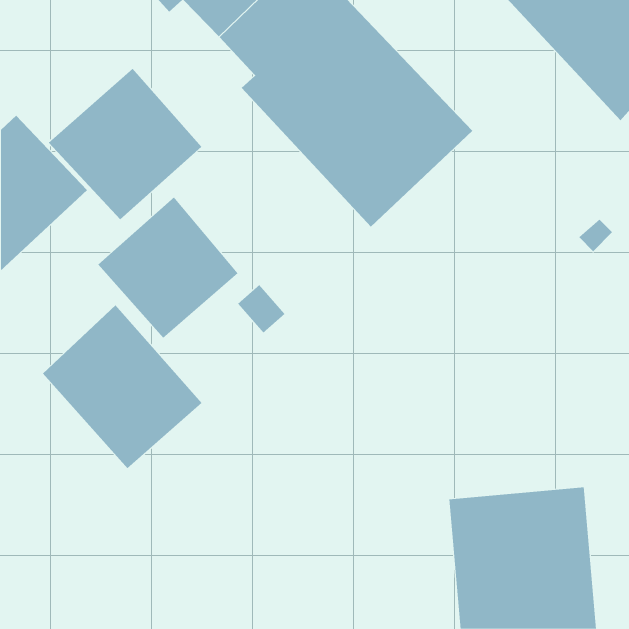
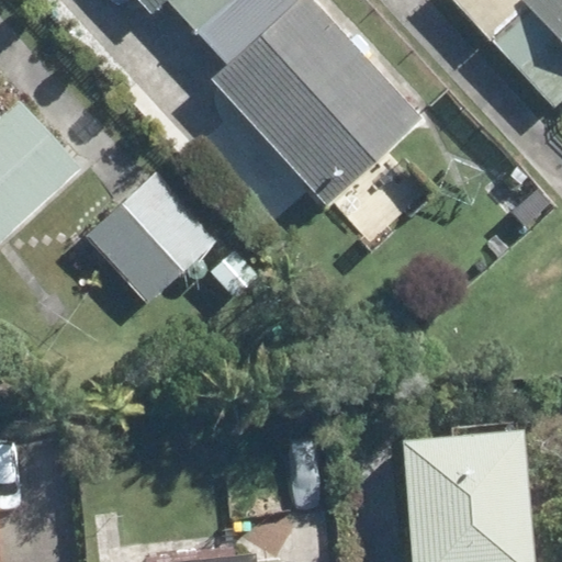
building: [48,68,202,220] -> none
building: [42,304,202,469] -> none

